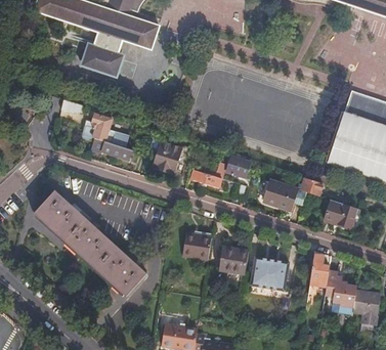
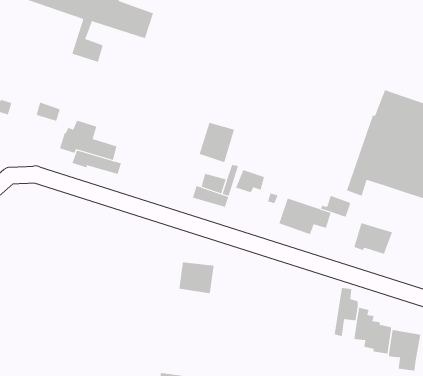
building: [153,140,182,174] -> [199,122,235,163]
building: [35,190,146,295] -> none
building: [218,247,247,272] -> none
building: [250,256,288,286] -> none

